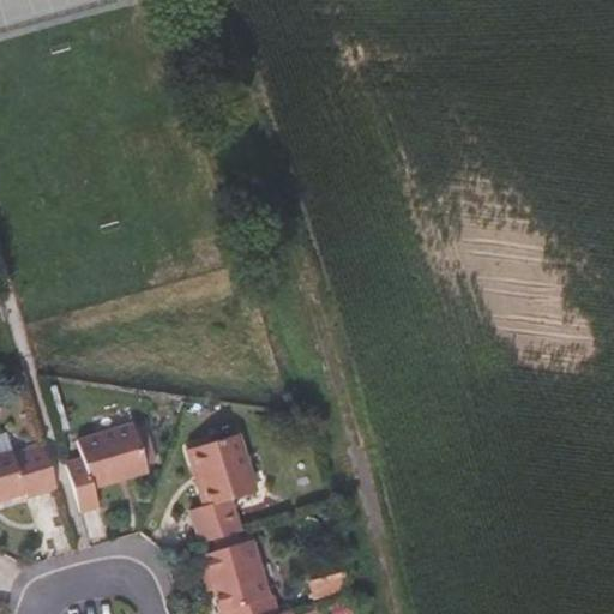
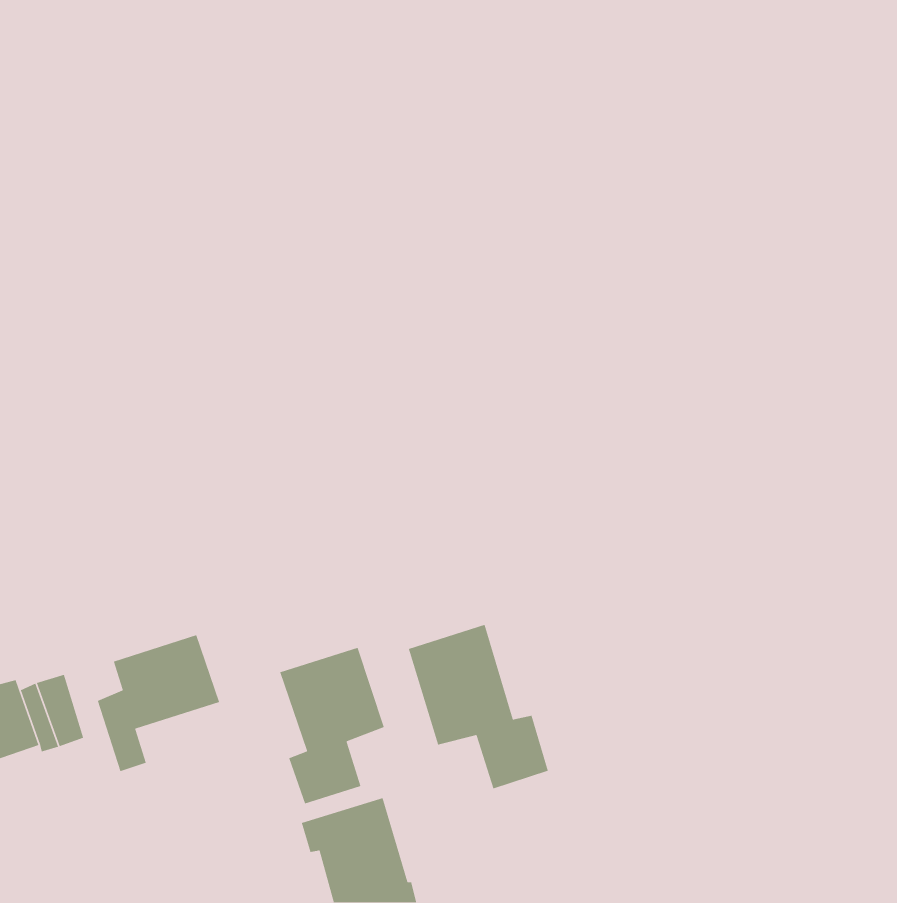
building: none -> [408,624,549,789]

